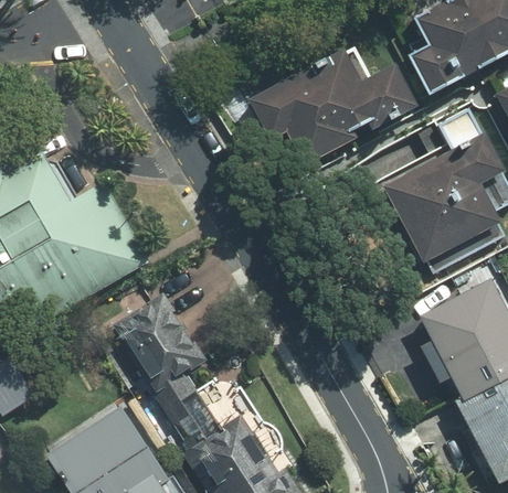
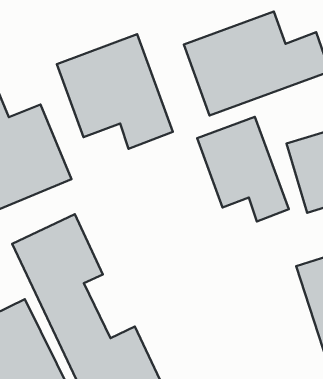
building: none -> [57,34,173,149]
building: none -> [197,117,289,221]

